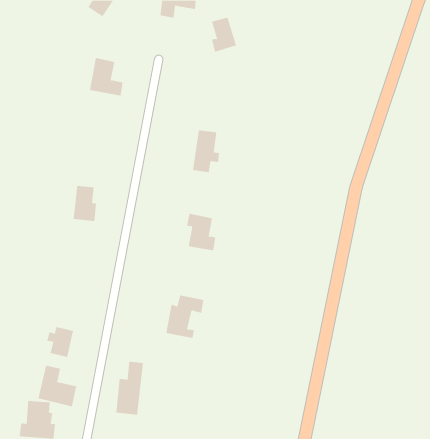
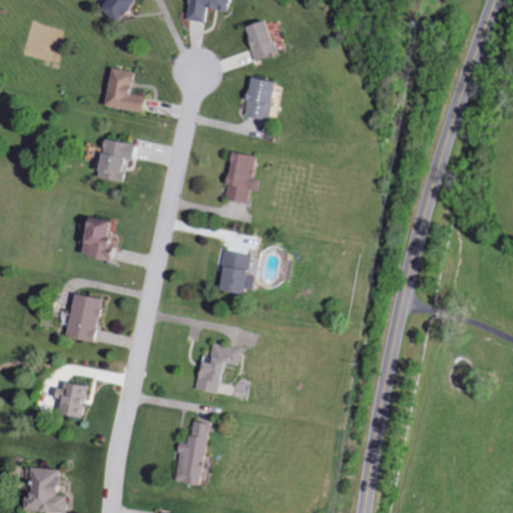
building: none -> [242,74,277,120]
building: none -> [98,139,132,179]
building: none -> [65,293,99,342]
building: [116,361,144,415] -> [174,421,207,484]
building: [38,365,77,407] -> none

